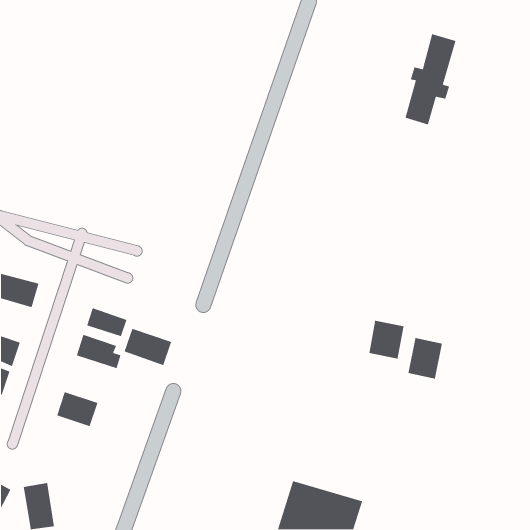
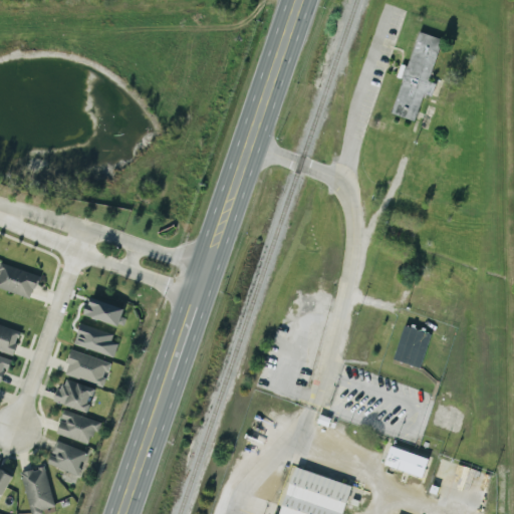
building: [368,320,404,359] -> none
building: [123,328,172,366] -> [63,350,110,388]
building: none -> [55,410,98,446]
building: none -> [46,441,87,477]
building: none -> [384,448,428,476]

